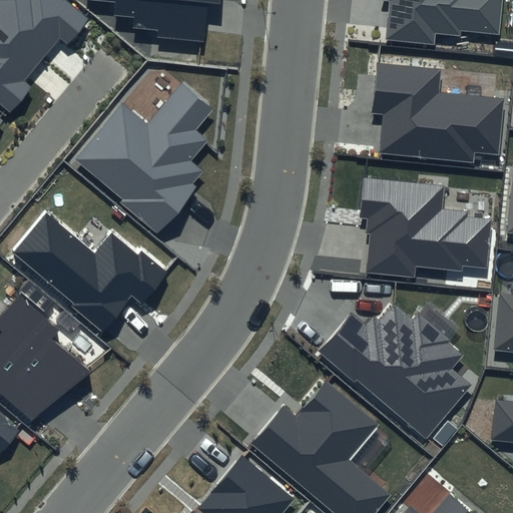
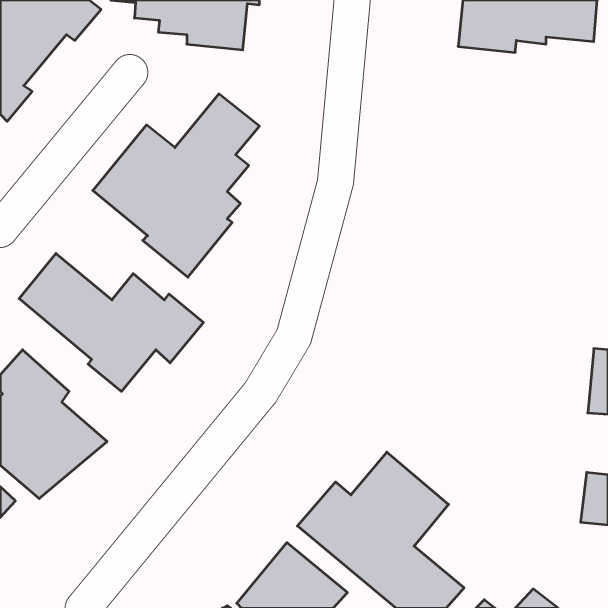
building: [372,63,503,163] -> none
building: [358,177,492,279] -> none
building: [317,304,473,440] -> none

